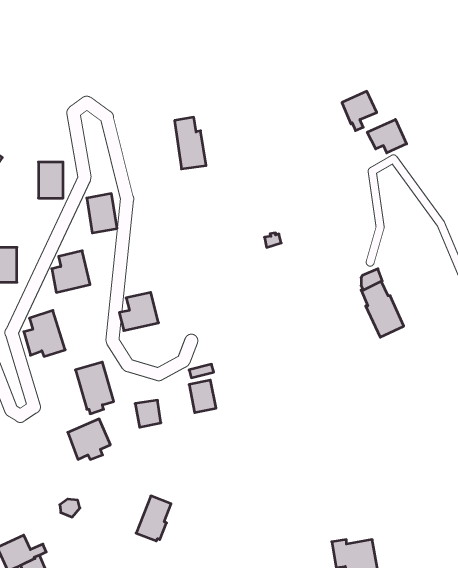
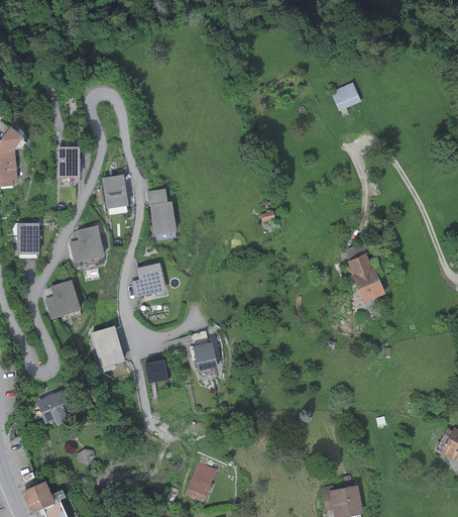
building: [175,117,206,169] -> [147,189,176,235]
building: [367,119,407,153] -> none
building: [68,419,110,459] -> [36,389,75,425]
building: [136,496,171,541] -> [185,462,216,503]

